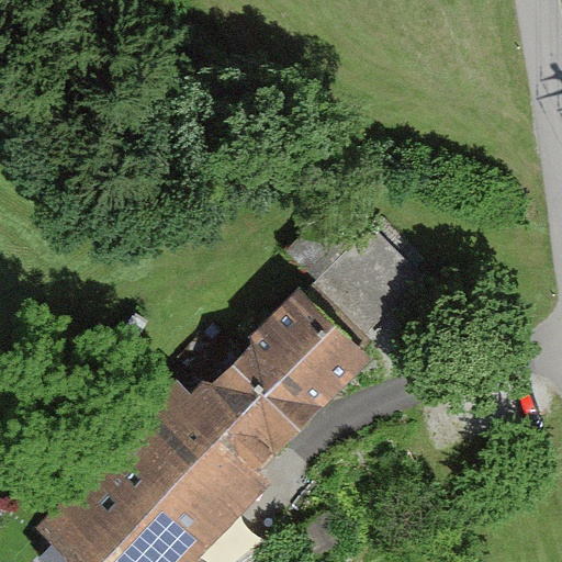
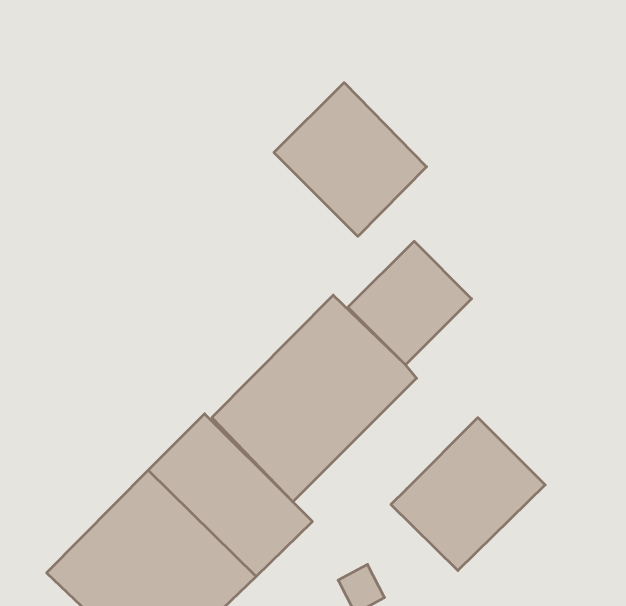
building: none -> [274,83,427,236]
building: none -> [391,418,545,571]

